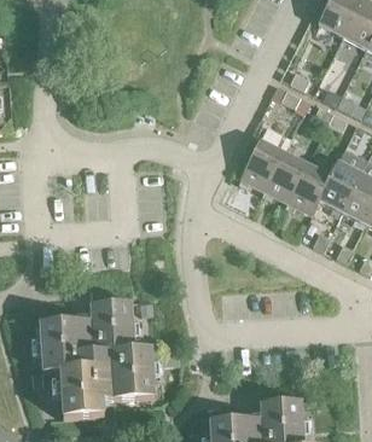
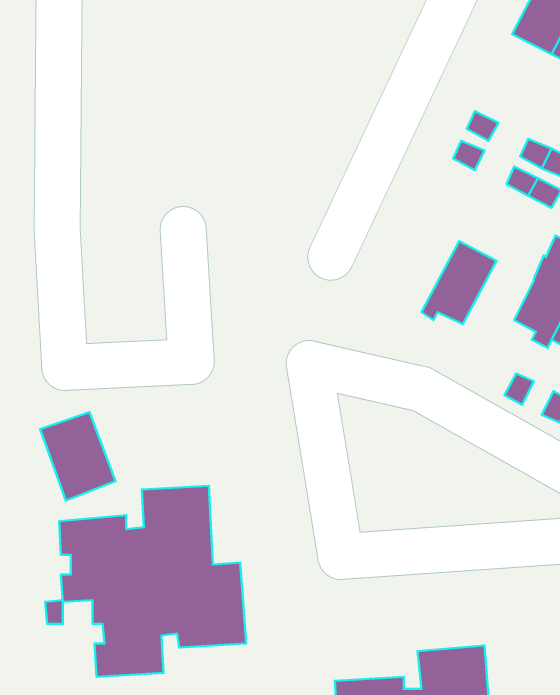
building: [239,139,285,190] -> none
building: [285,163,331,214] -> none
building: none -> [40,412,115,500]

